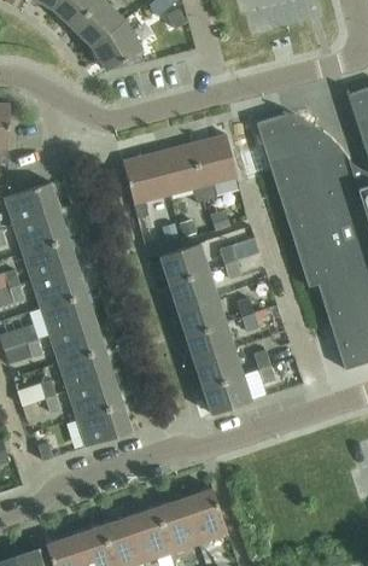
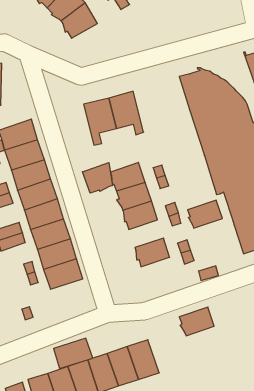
building: [192,135,238,200] -> none
building: none -> [82,163,112,193]
building: [186,322,234,361] -> [188,200,222,228]
building: [203,374,251,414] -> [179,307,214,336]
building: [77,404,132,447] -> [54,338,93,369]

